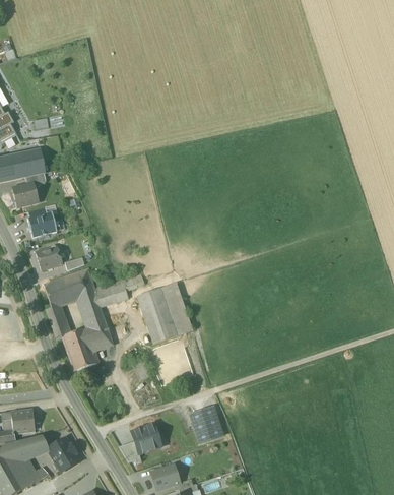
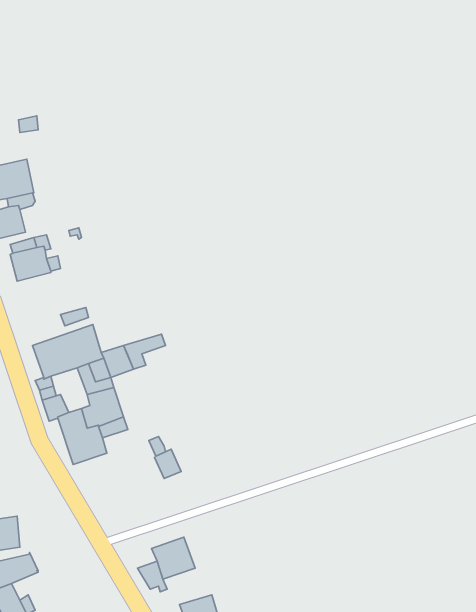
building: [37,244,62,269] -> none
building: [137,283,193,345] -> none
building: [189,407,222,443] -> none
building: [47,437,78,471] -> none

